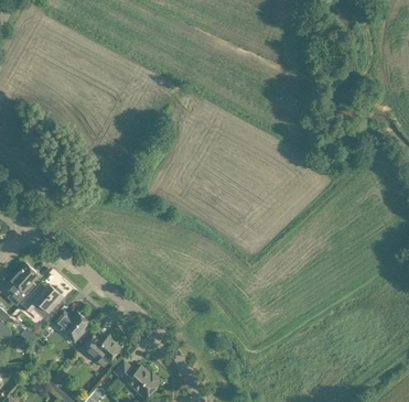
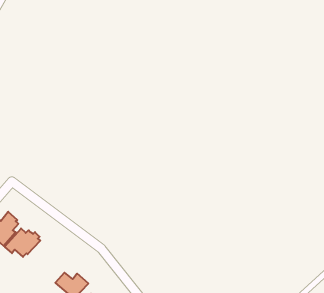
building: [52,312,88,343] -> none

